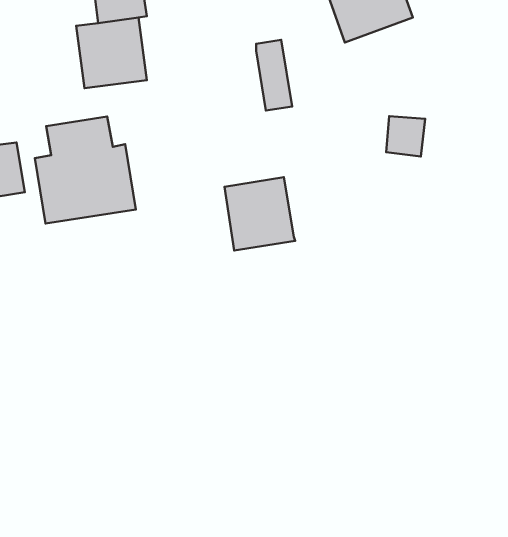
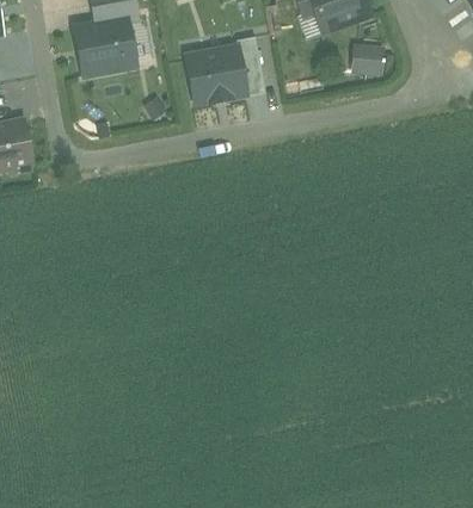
building: [386,116,425,156] -> [349,41,382,75]
building: [35,117,136,223] -> none
building: [224,177,295,251] -> [183,45,244,109]

